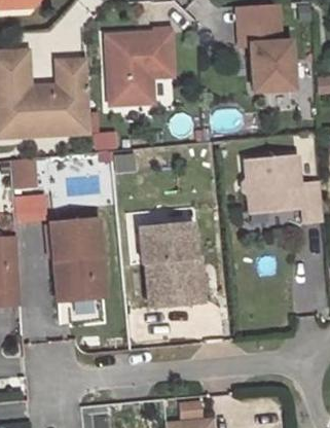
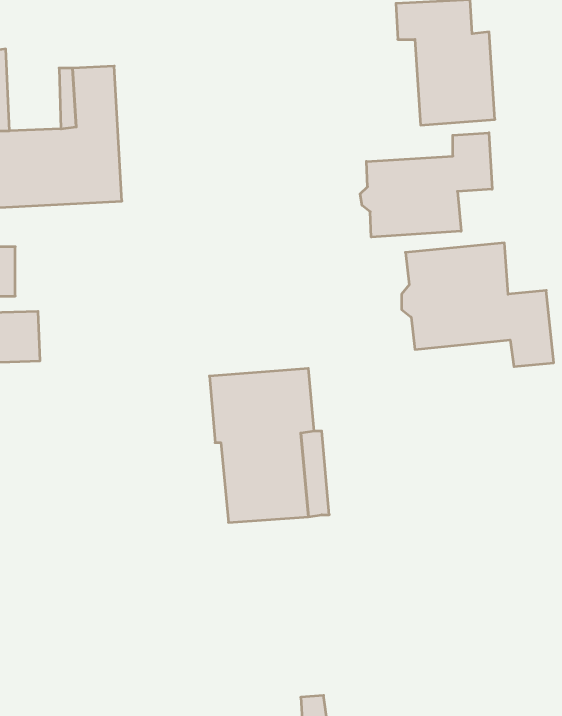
building: [106,29,173,104] -> none
building: none -> [360,133,492,237]
building: [49,218,103,299] -> none

